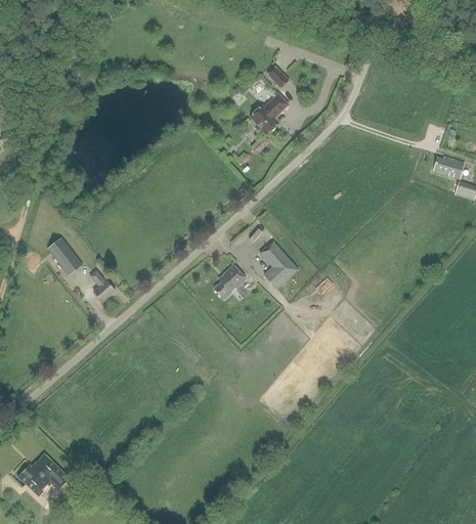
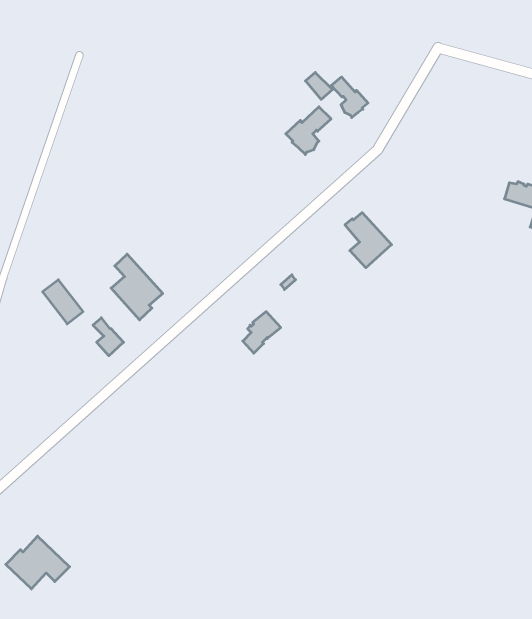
building: none -> [331,77,368,118]
building: none -> [111,254,163,320]
building: [259,242,298,288] -> [345,213,392,268]

